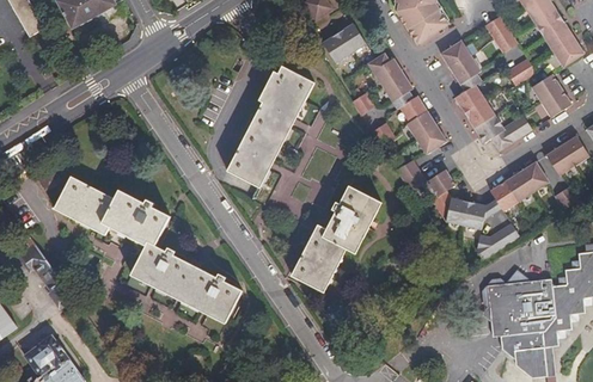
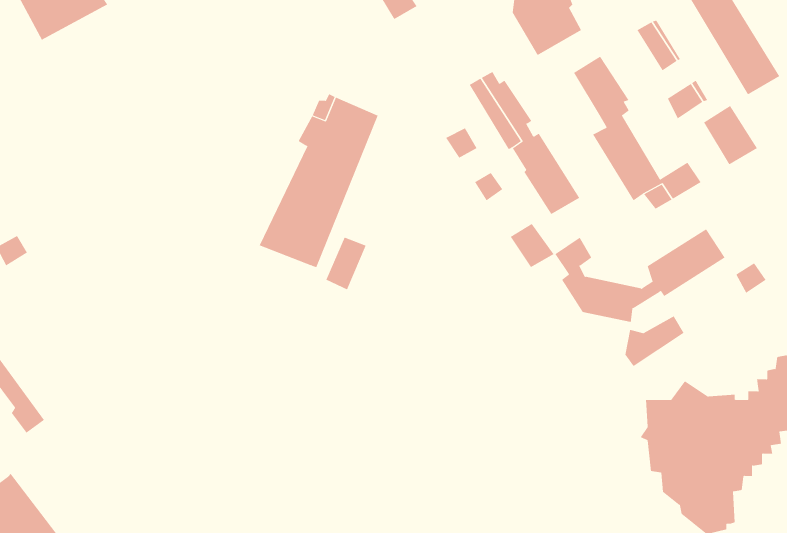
building: [323,21,367,60] -> none
building: [549,137,587,173] -> none
building: [48,177,237,325] -> none
building: [295,187,381,295] -> none

